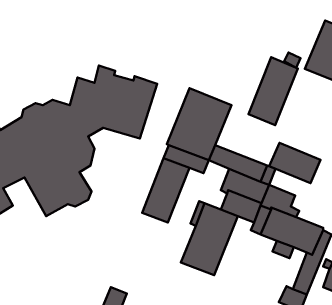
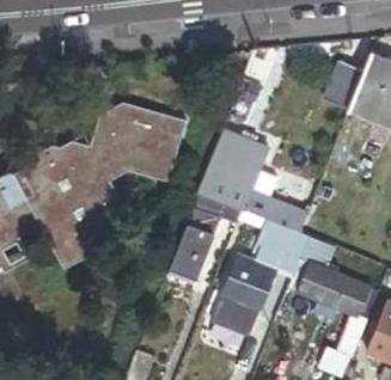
building: [248,57,298,125] -> none
building: [269,143,321,183] -> none

